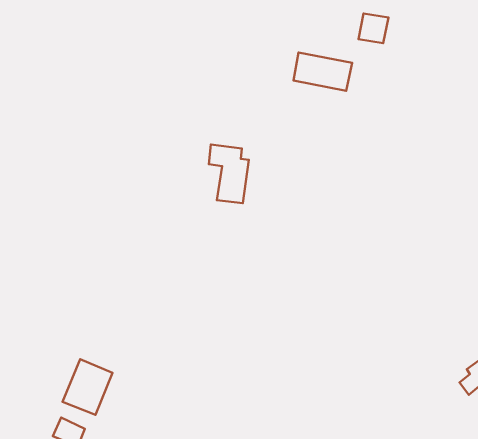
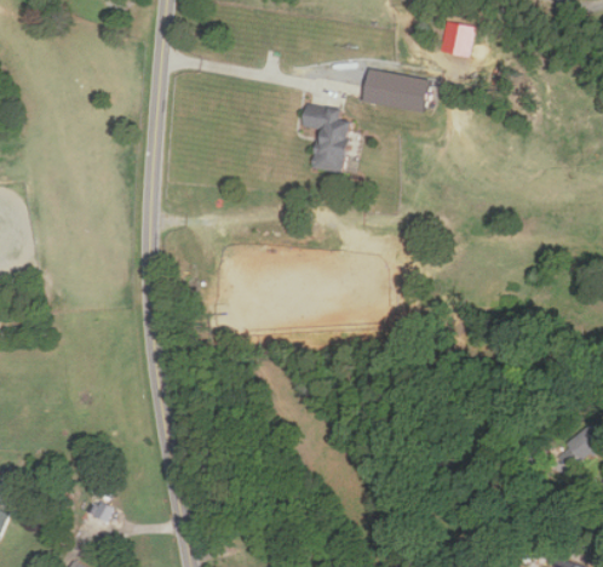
building: [209,145,249,203] -> [300,103,348,172]
building: [62,359,113,415] -> none

